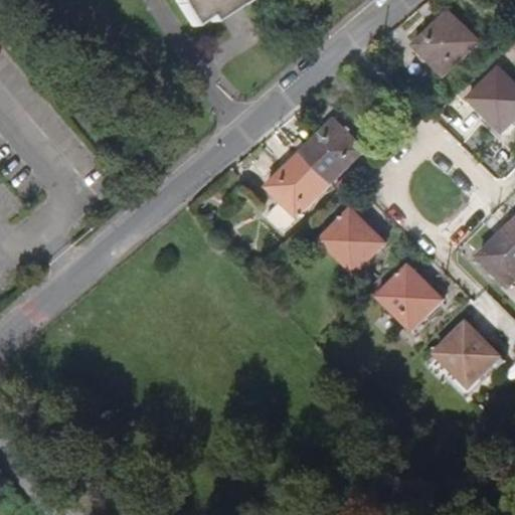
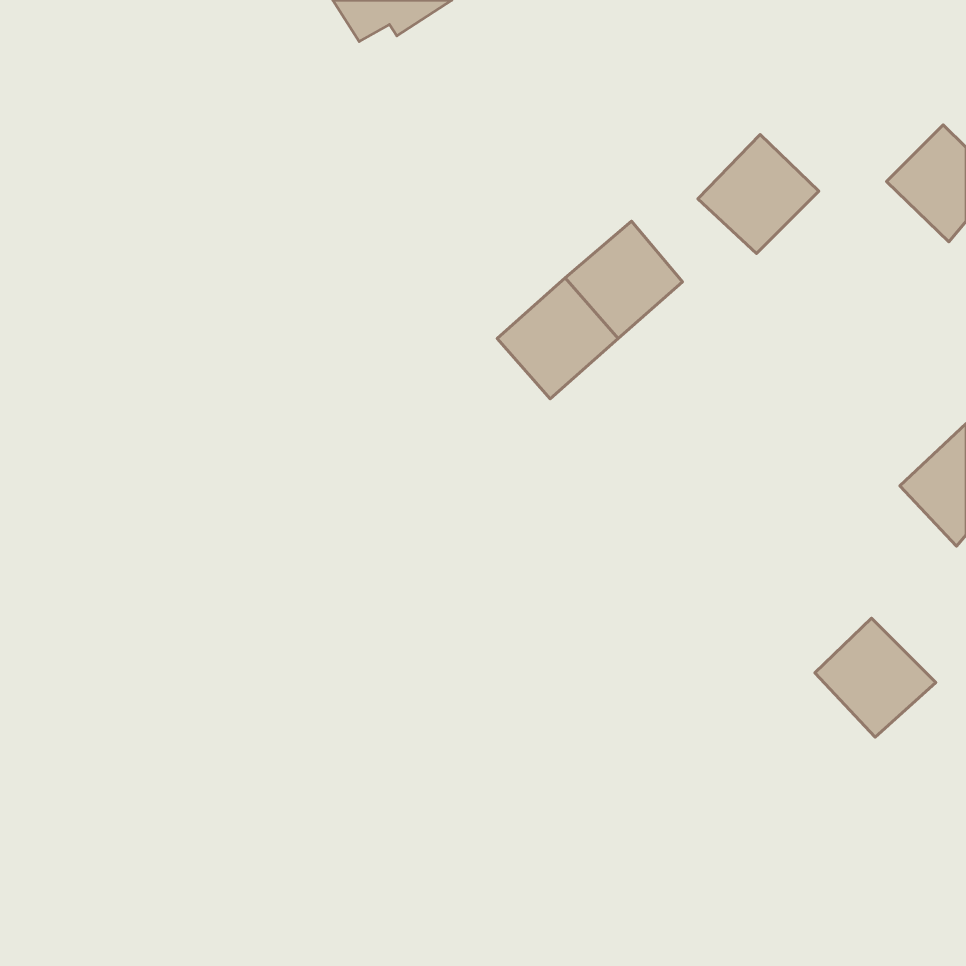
building: [412,5,477,68] -> [698,134,819,254]
building: [319,209,382,272] -> none
building: [374,268,439,331] -> none

